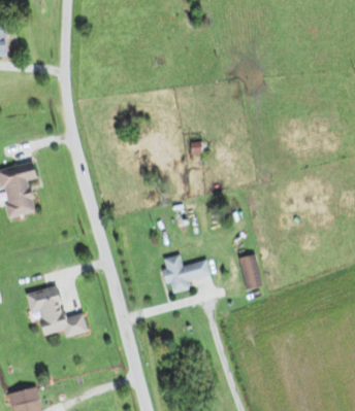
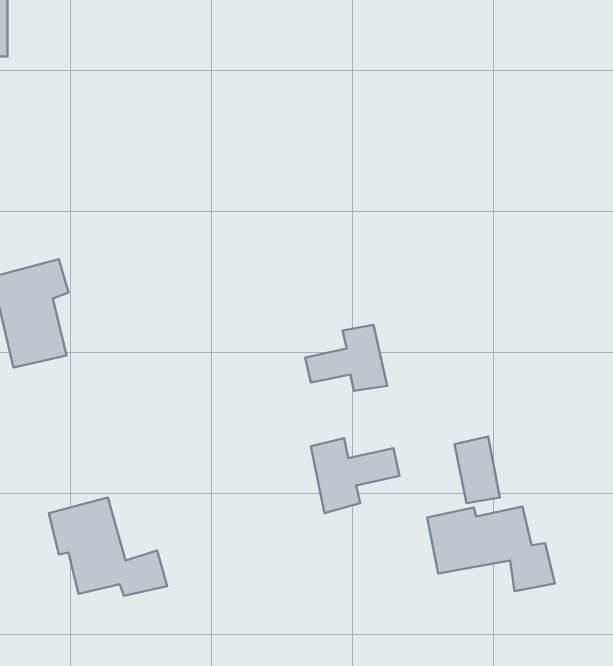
building: none -> [305,325,387,391]
building: none -> [427,507,555,591]

